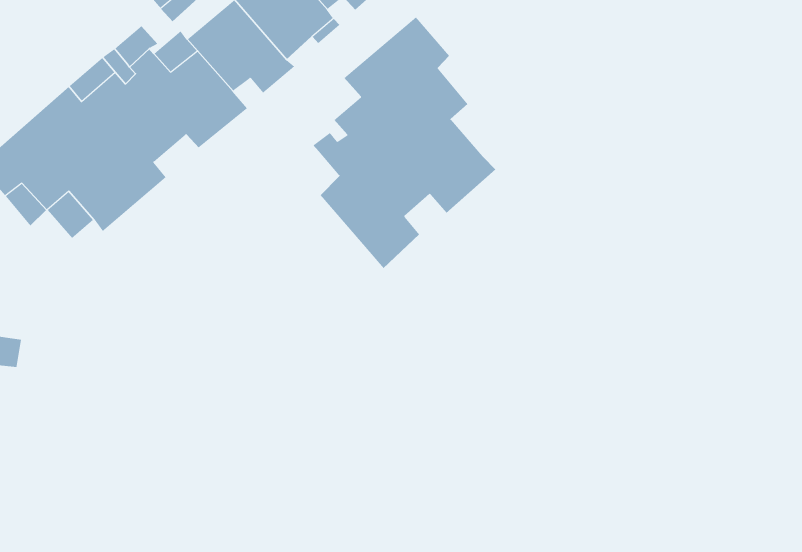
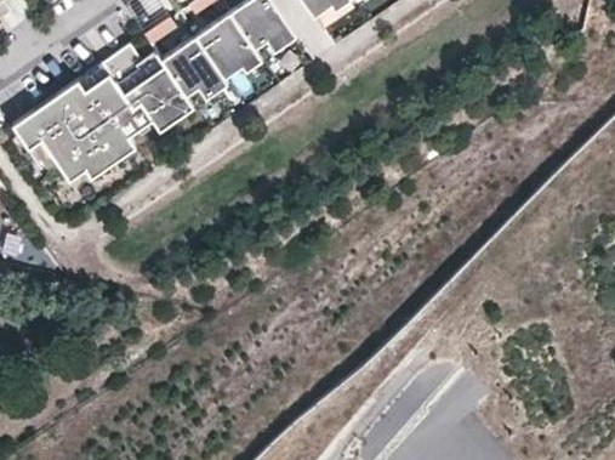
building: [313,16,496,269] -> none

